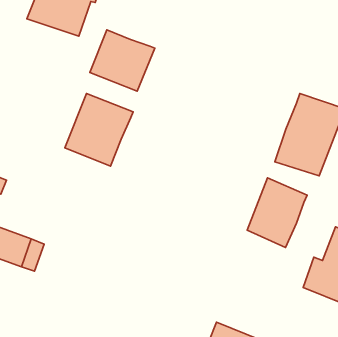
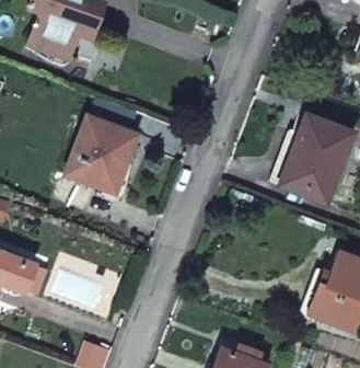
building: [90,30,155,91] -> none
building: [247,178,307,248] -> none

